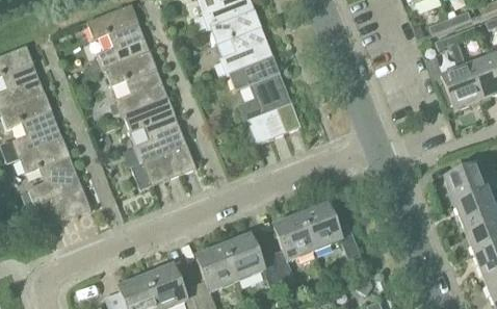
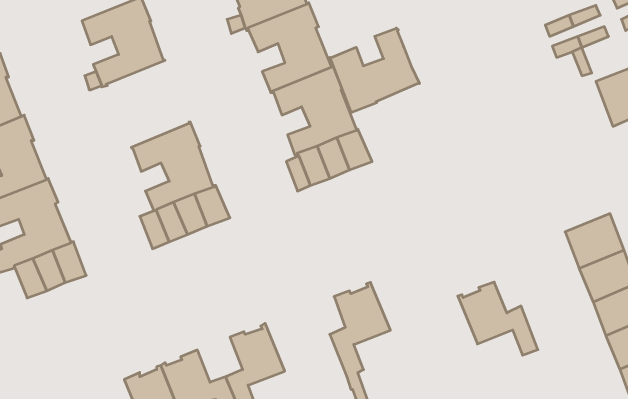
building: none -> [330,28,419,113]
building: [105,49,166,117] -> none
building: [441,66,479,109] -> none
building: [300,204,360,258] -> [458,282,538,355]
building: [223,234,283,289] -> none

